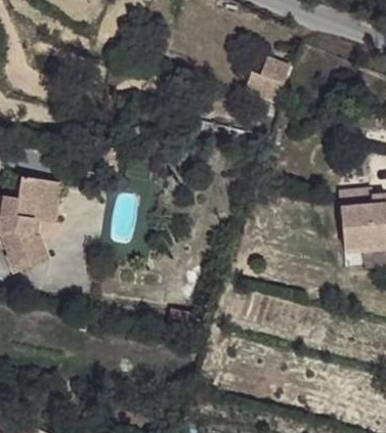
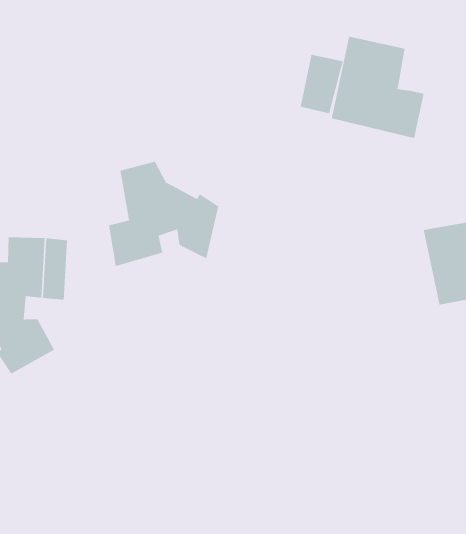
building: none -> [331,36,424,139]
building: none -> [109,161,219,267]

